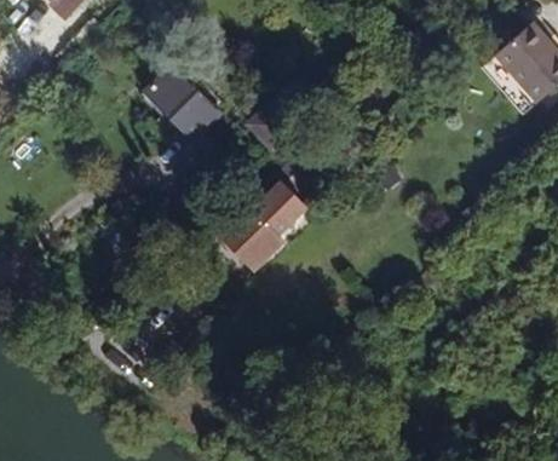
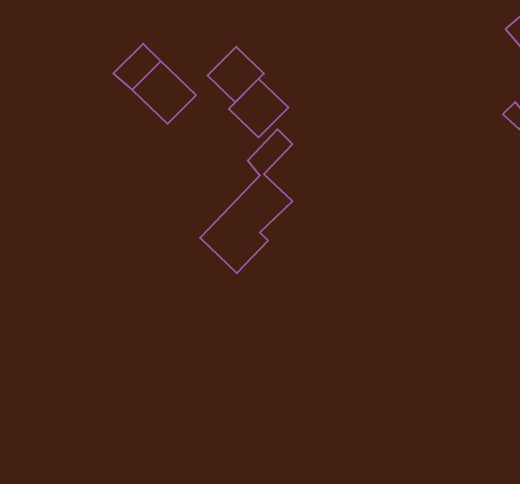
building: none -> [208,47,264,102]

